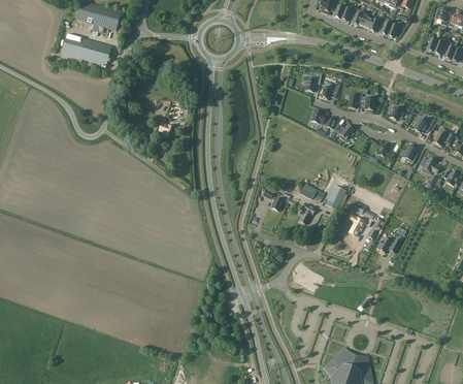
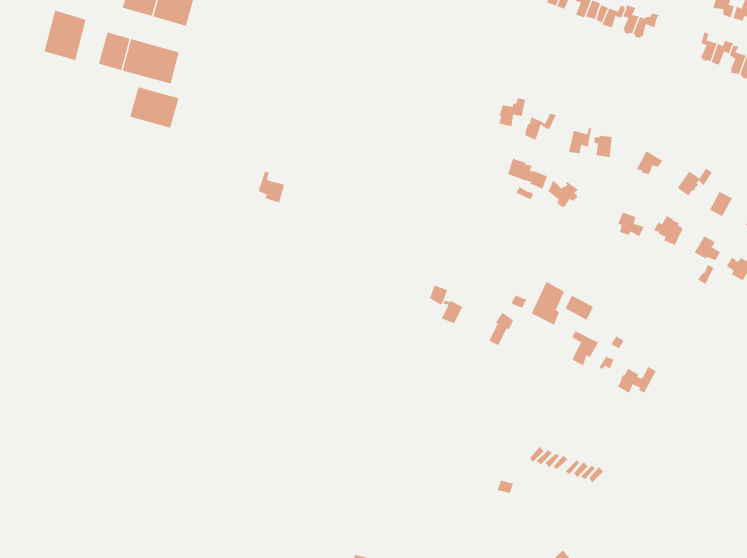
building: none -> [44,10,86,61]
building: none -> [129,86,179,129]

